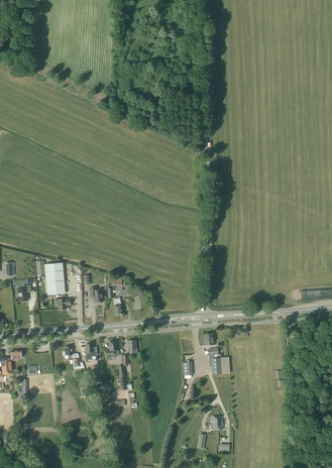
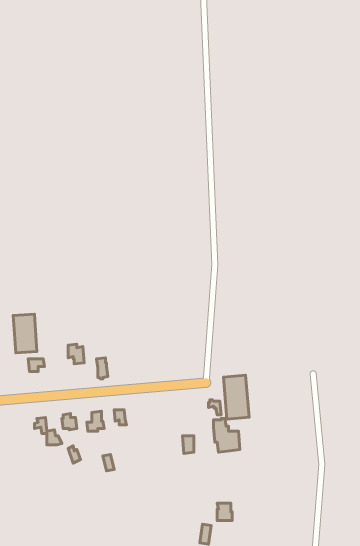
building: none -> [223,375,249,419]

